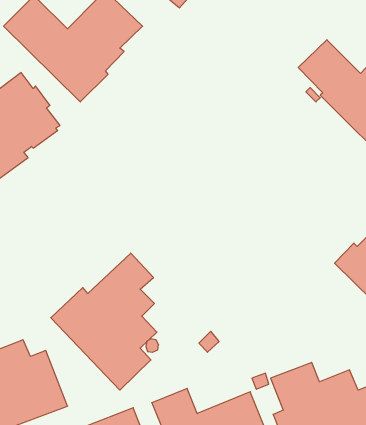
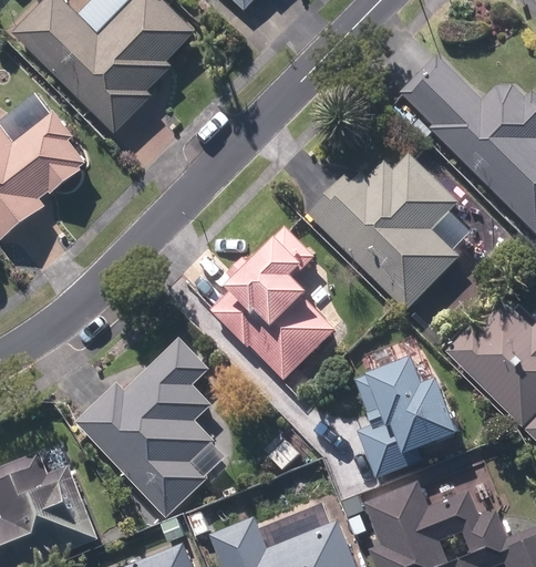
building: none -> [307,152,470,308]
building: none -> [210,227,334,379]
building: none -> [354,346,463,477]

